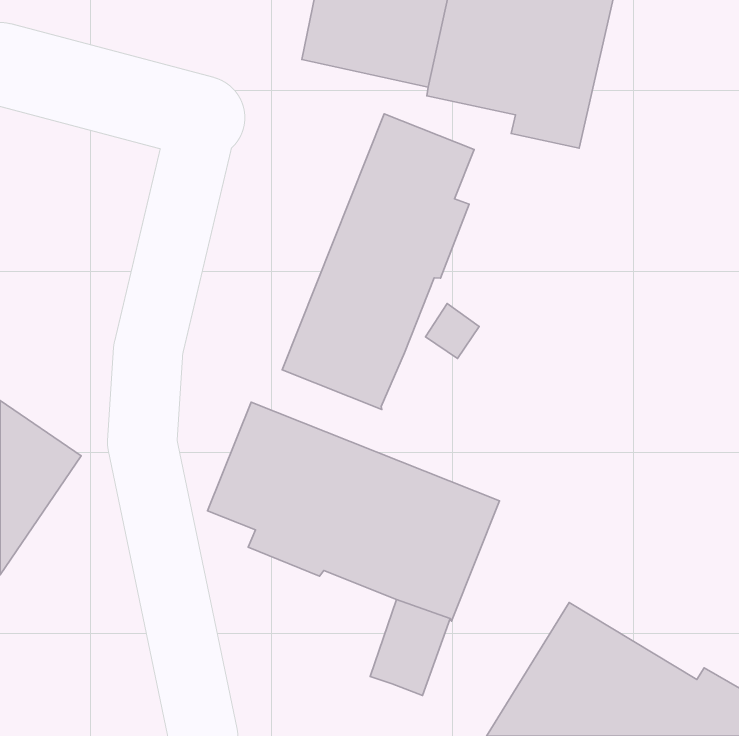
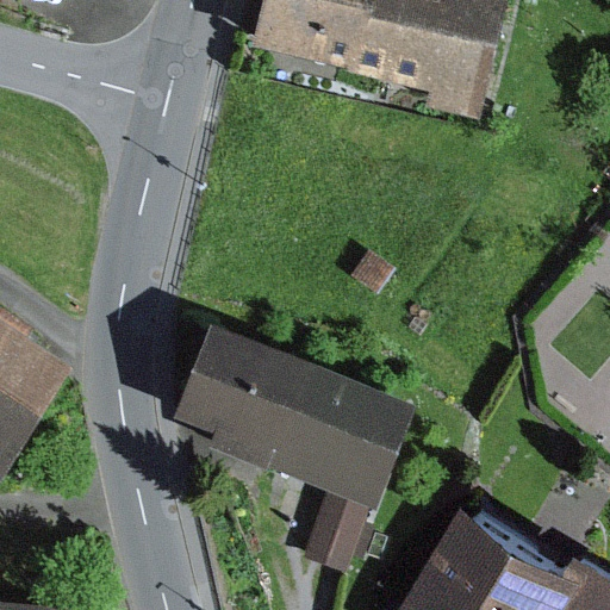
building: [282,114,474,410] -> none

